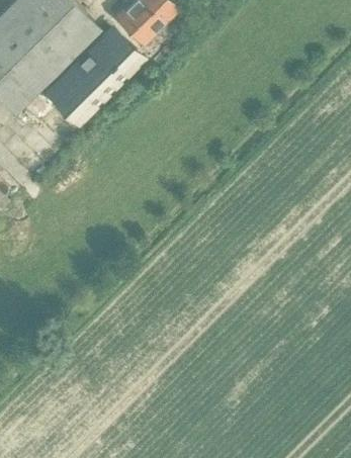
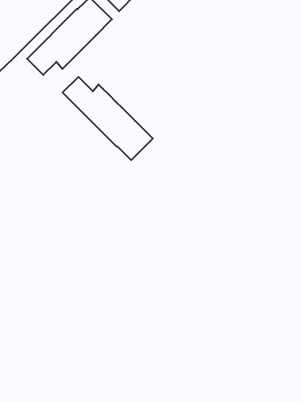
building: none -> [63,77,153,160]

